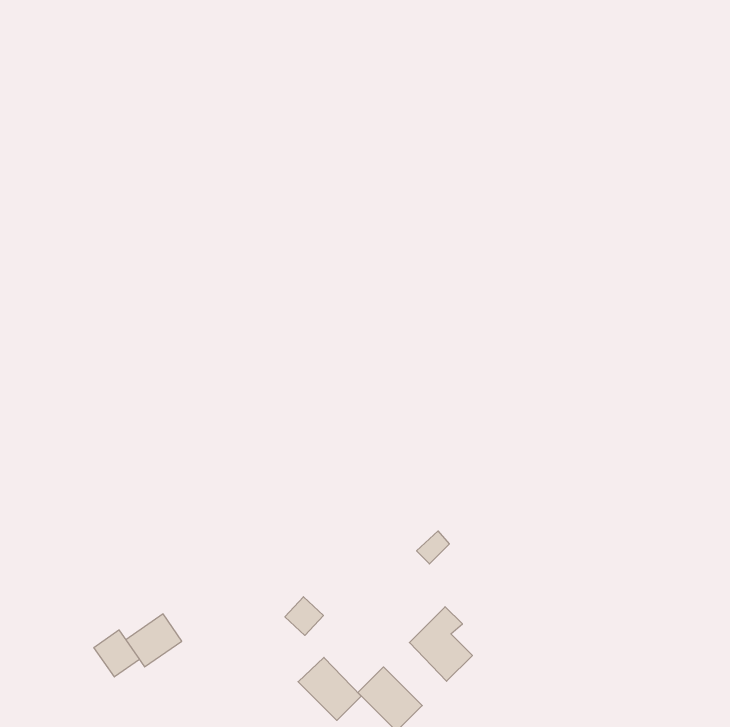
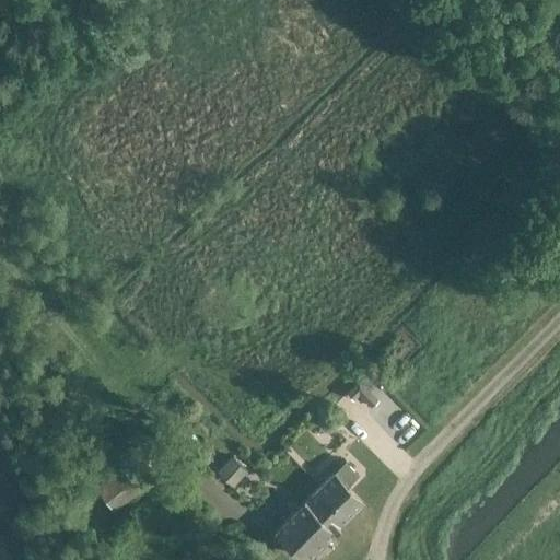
building: [94,630,139,677] -> none
building: [298,657,361,720] -> [294,494,342,542]

